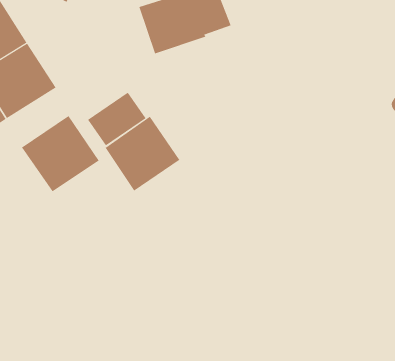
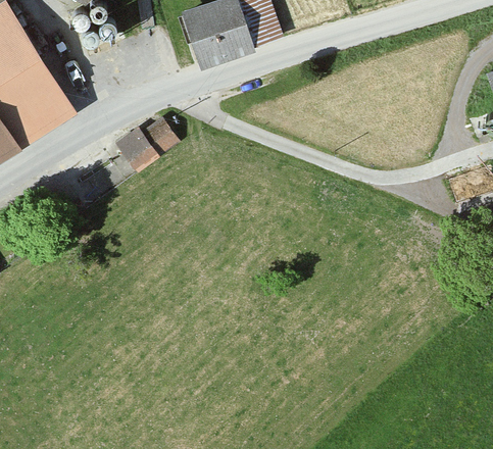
building: [21,115,99,192] -> none
building: [105,116,180,192] -> none

